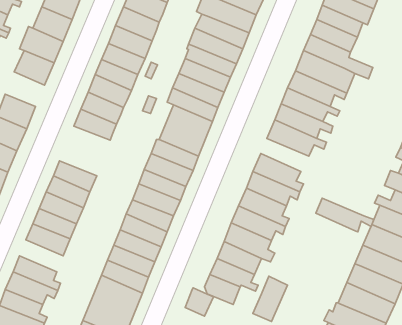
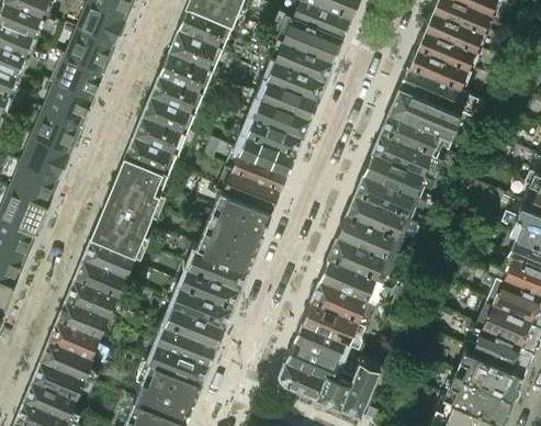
building: none -> [32,111,80,154]
building: none -> [99,178,161,239]
building: [316,198,374,232] -> [347,193,418,235]
building: none -> [49,318,103,358]
building: [185,288,214,316] -> [313,374,348,410]

